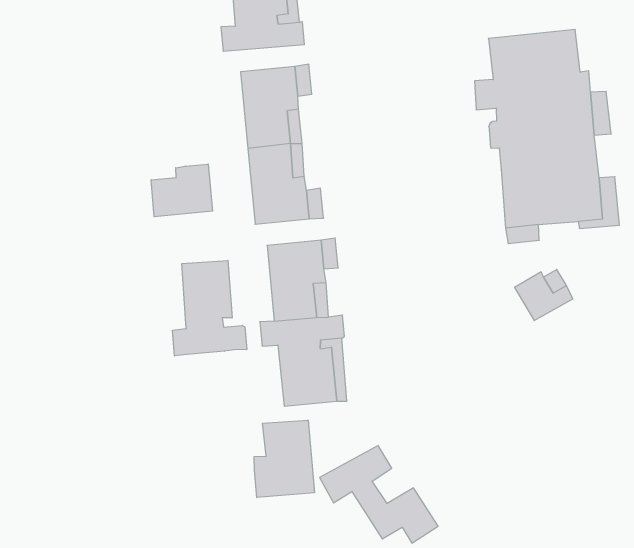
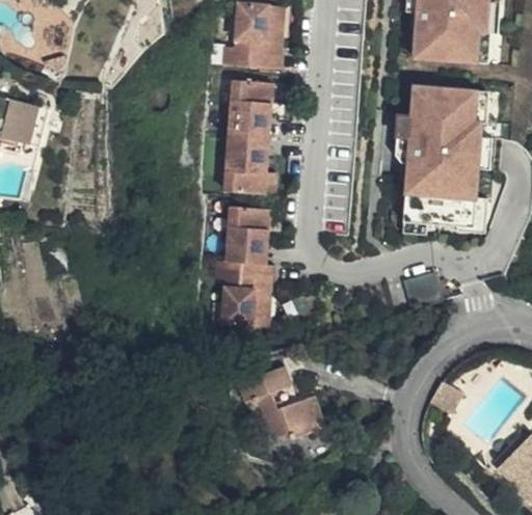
building: [151,164,213,217] -> none
building: [173,260,247,356] -> none
building: [254,420,315,498] -> none

